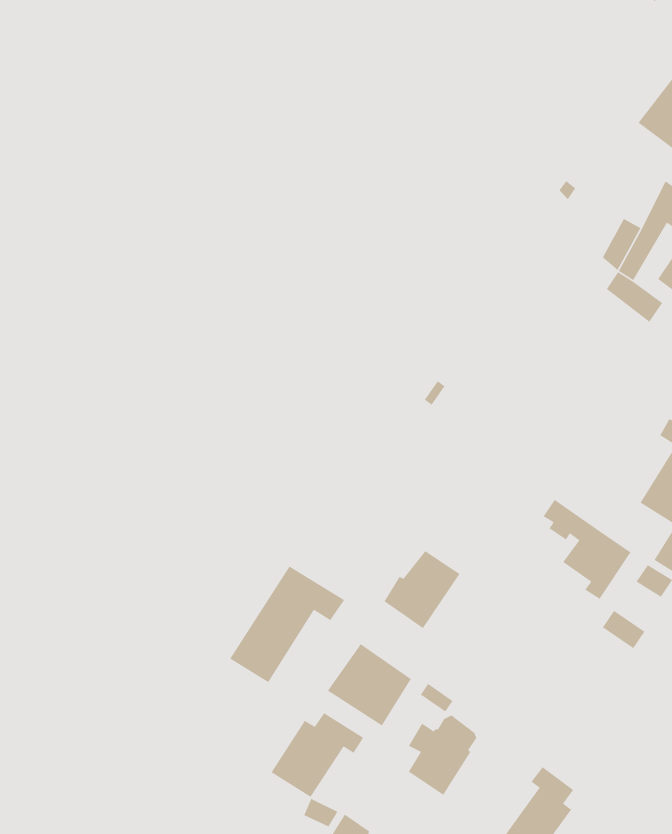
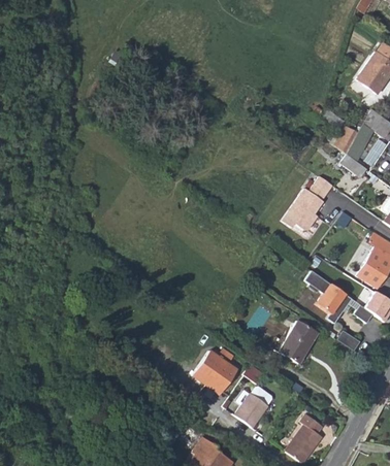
building: none -> [283,177,334,231]
building: [383,550,461,629] -> [280,324,320,365]
building: [229,566,345,683] -> none
building: [271,712,364,798] -> none

